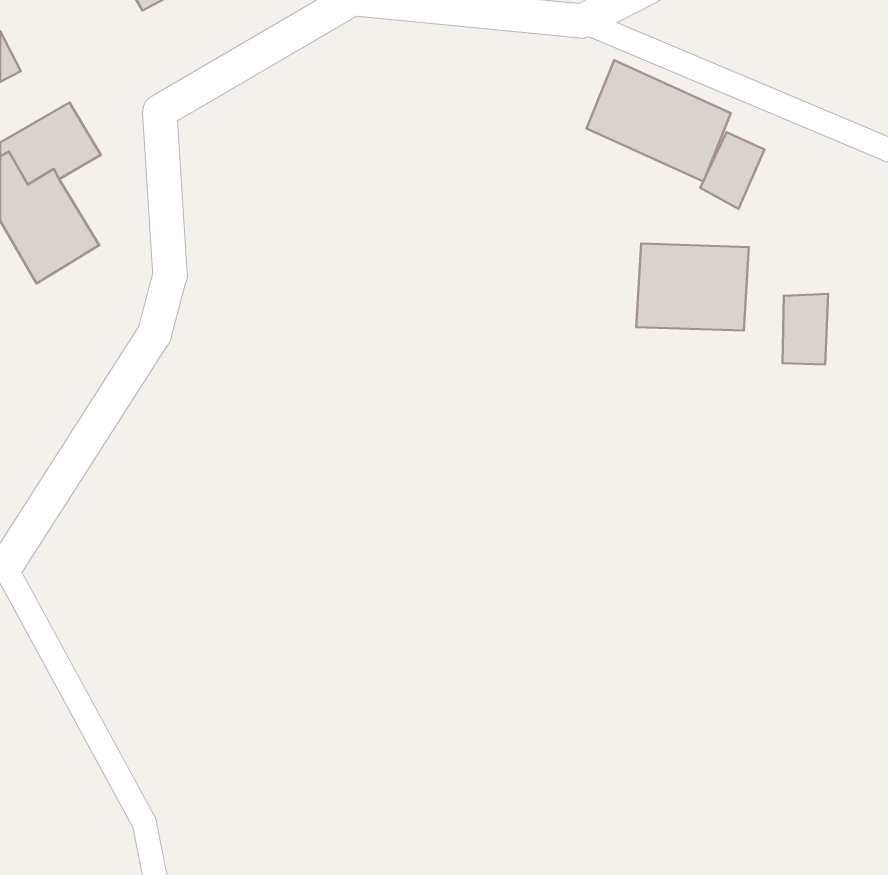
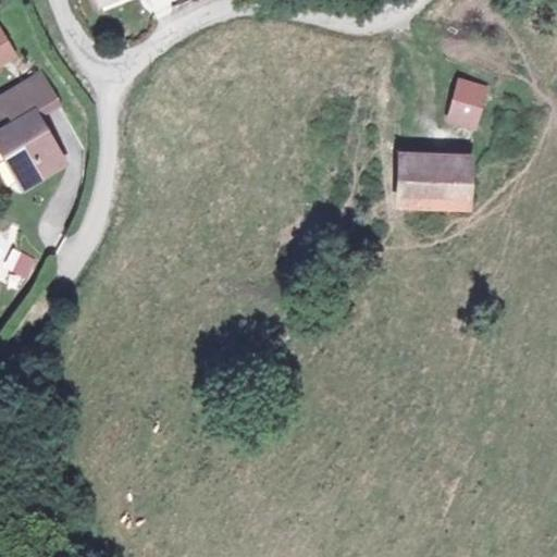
building: [587,60,731,181] -> none
building: [783,294,828,365] -> none

